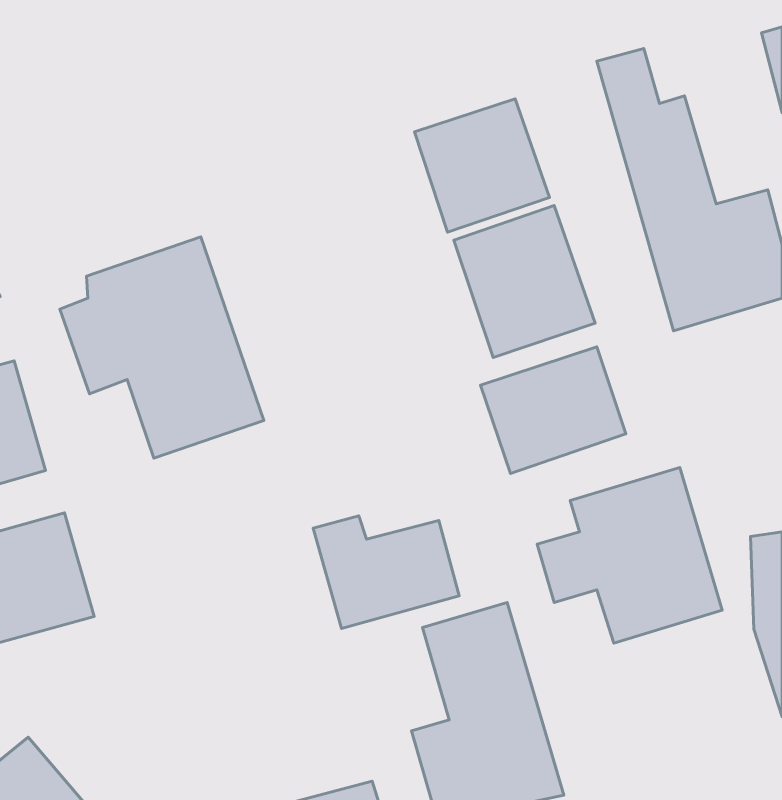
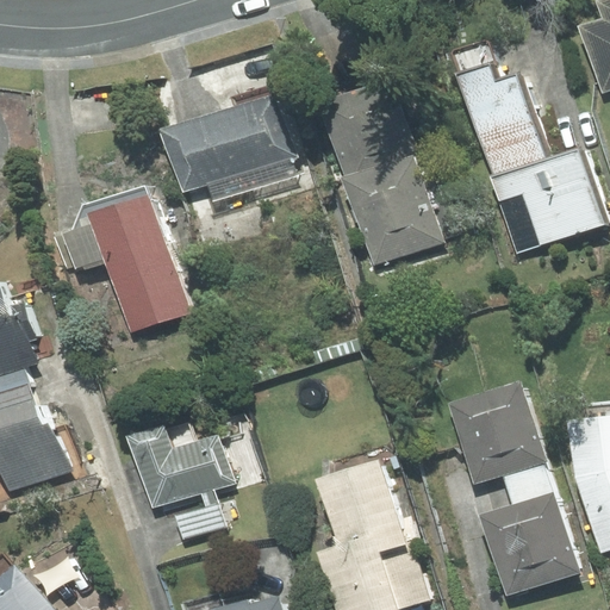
building: none -> [161,97,301,195]
building: [481,347,626,474] -> none
building: [313,516,459,629] -> [127,429,238,515]
building: none -> [477,496,583,599]

